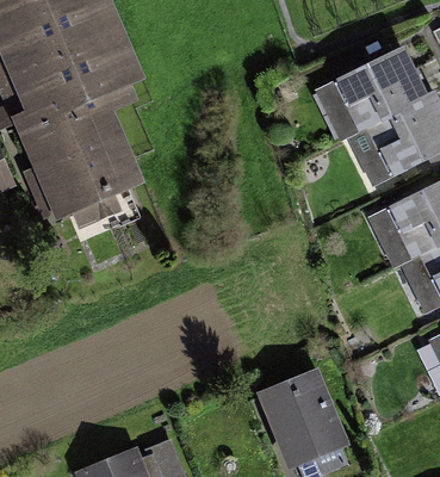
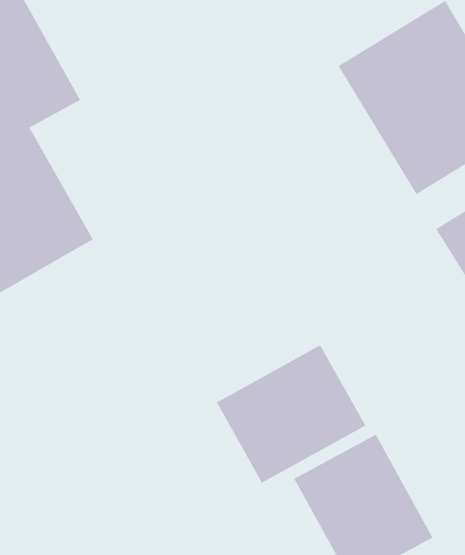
building: none -> [216,344,366,484]

